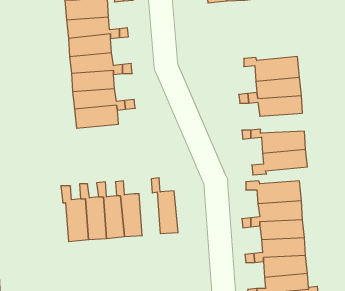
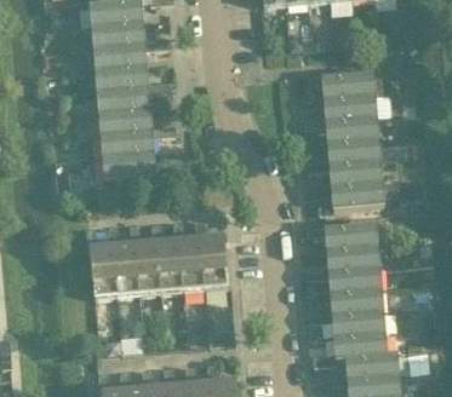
building: none -> [327,140,382,165]
building: none -> [104,154,172,179]
building: none -> [173,220,206,289]

